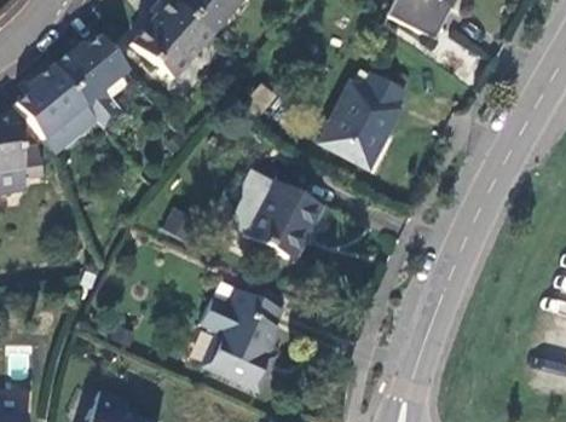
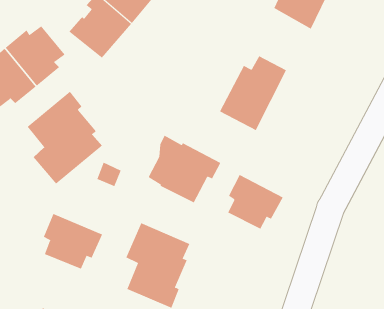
building: none -> [27,91,103,185]
building: none -> [227,174,284,230]
building: none -> [43,213,103,270]

